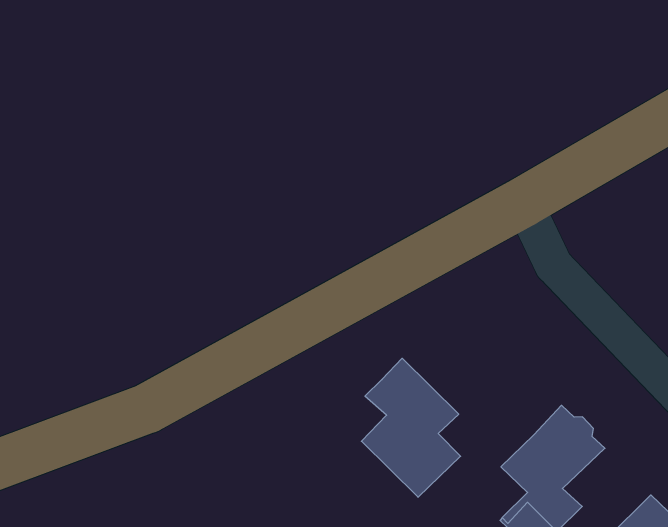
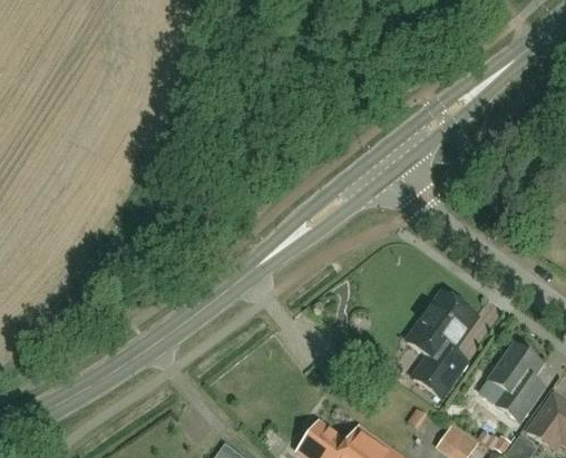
building: [361,358,461,497] -> none

